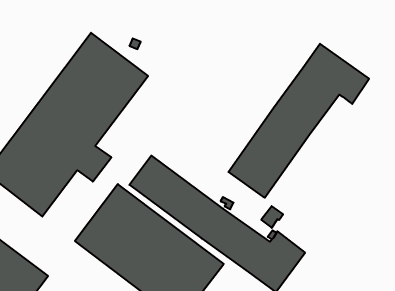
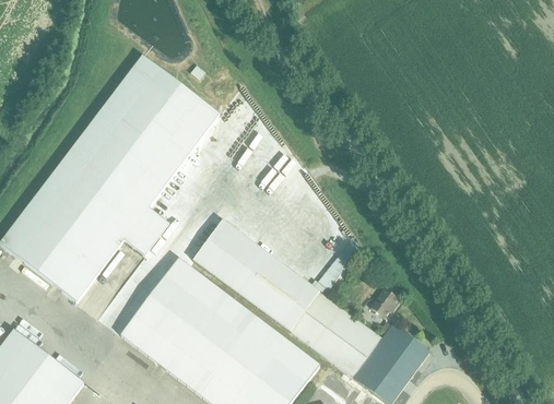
building: [228,44,369,198] -> none

